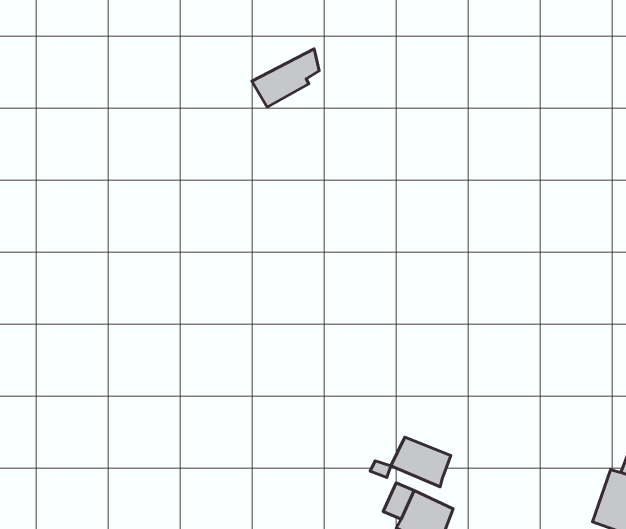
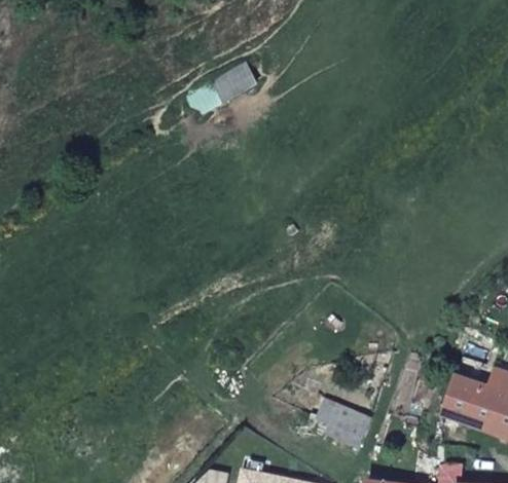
building: [391,437,451,487] -> none
building: none -> [444,375,495,429]

